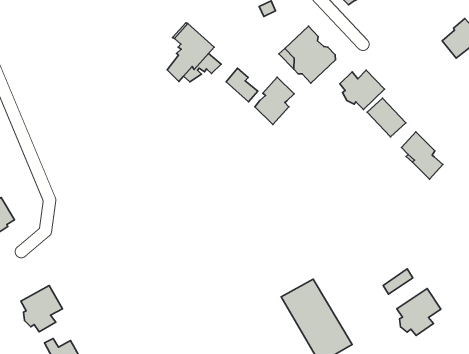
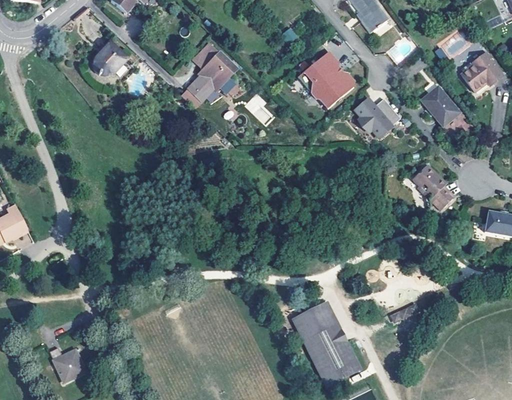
building: none -> [96,39,129,72]
building: [255,77,294,124] -> none
building: [367,98,406,137] -> [422,87,460,126]
building: [21,285,62,332] -> none
building: [397,289,441,335] -> none

